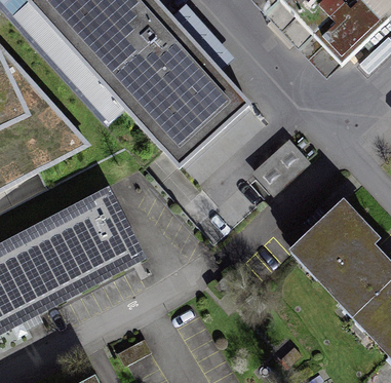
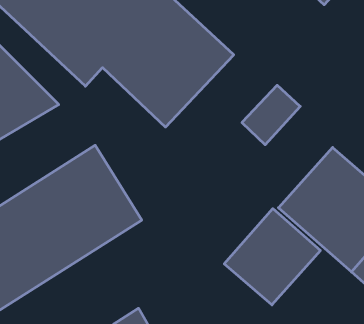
building: none -> [224,209,320,305]

